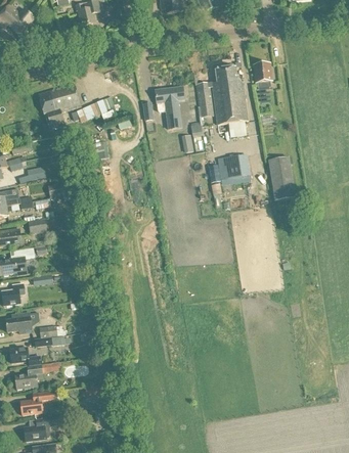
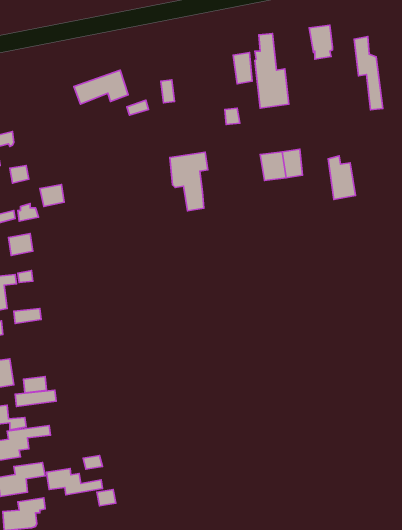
building: [226,65,248,121] -> [354,36,383,110]
building: [38,84,80,127] -> none
building: [155,86,183,130] -> [170,152,208,211]
building: none -> [47,468,102,495]

